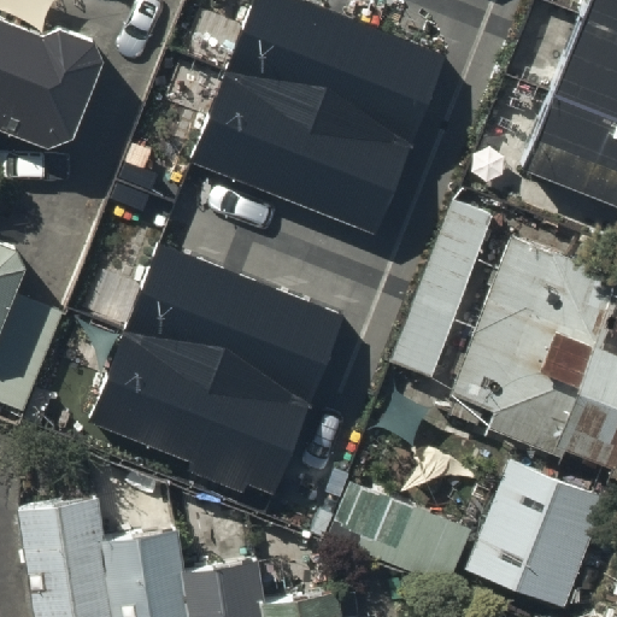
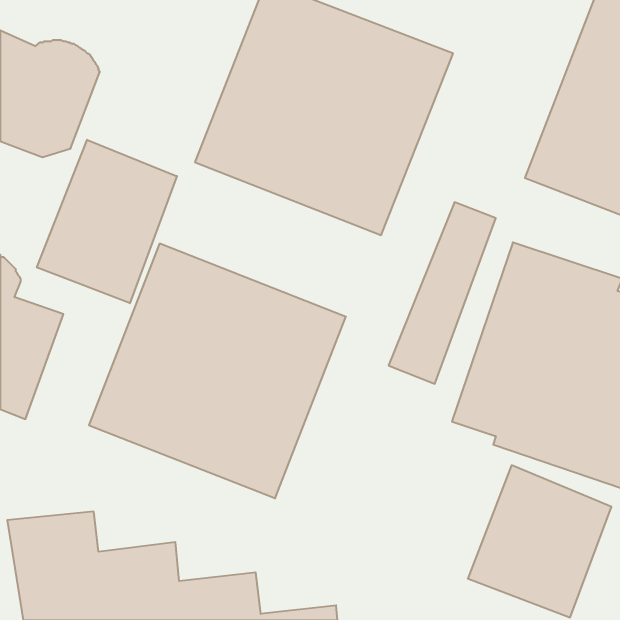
building: none -> [37,140,177,303]

